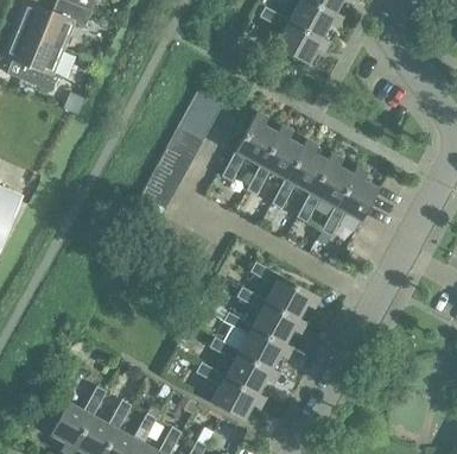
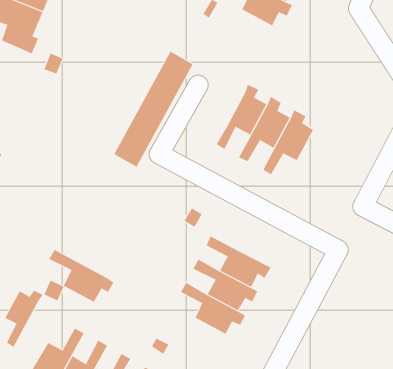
building: [220,111,277,181] -> none
building: [320,165,377,235] -> none
building: [248,261,318,317] -> none
building: none -> [5,290,43,348]
building: [193,361,264,418] -> [48,249,114,302]

